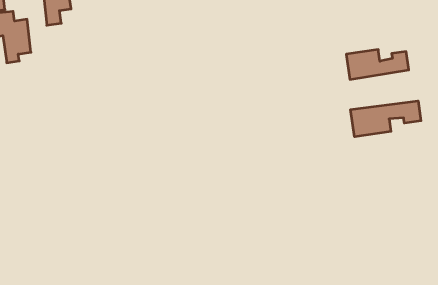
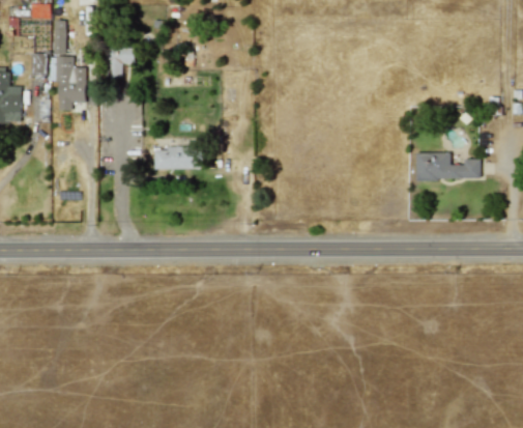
building: none -> [152,146,200,170]
building: [351,101,421,137] -> none

